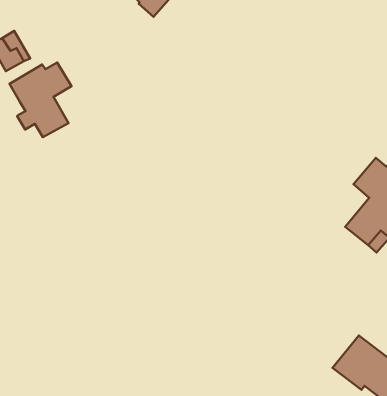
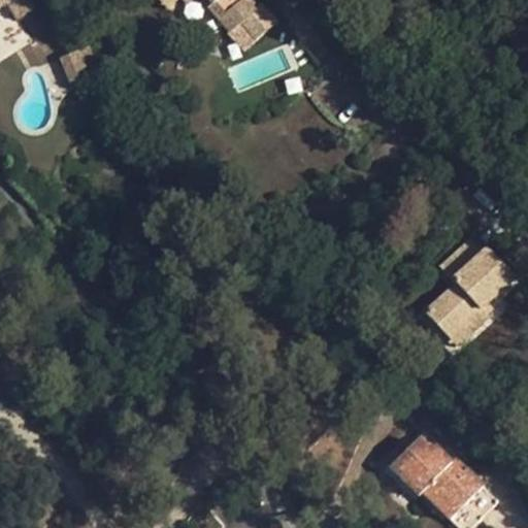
building: [9,62,71,137] -> none

